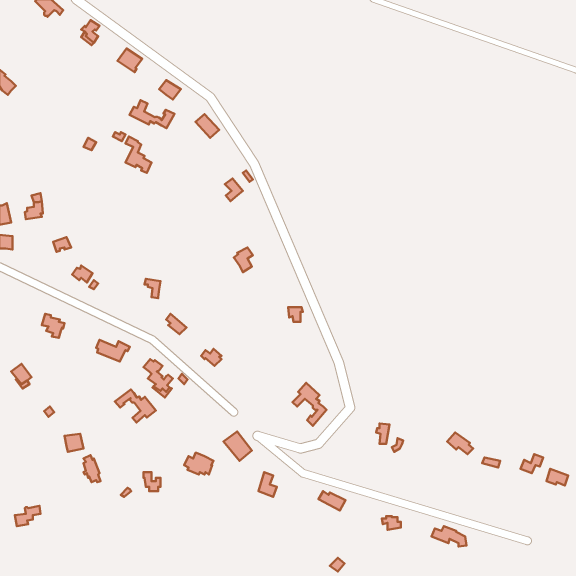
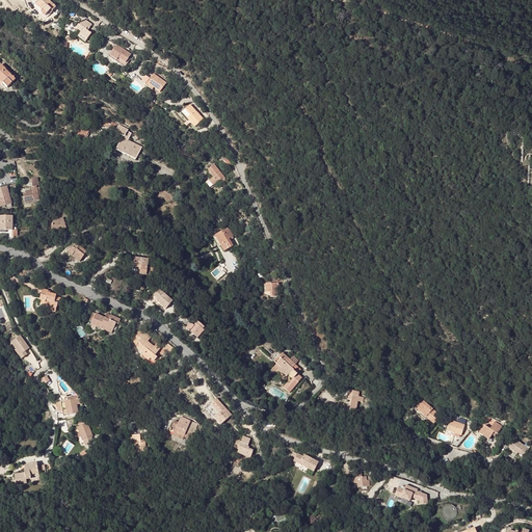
building: [129,100,174,128] -> none
building: [115,389,156,422] -> none

